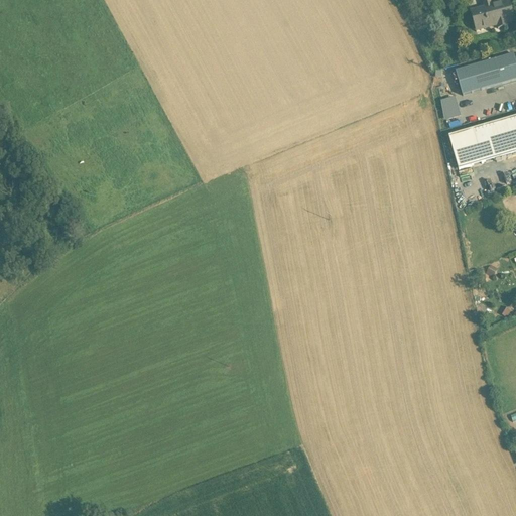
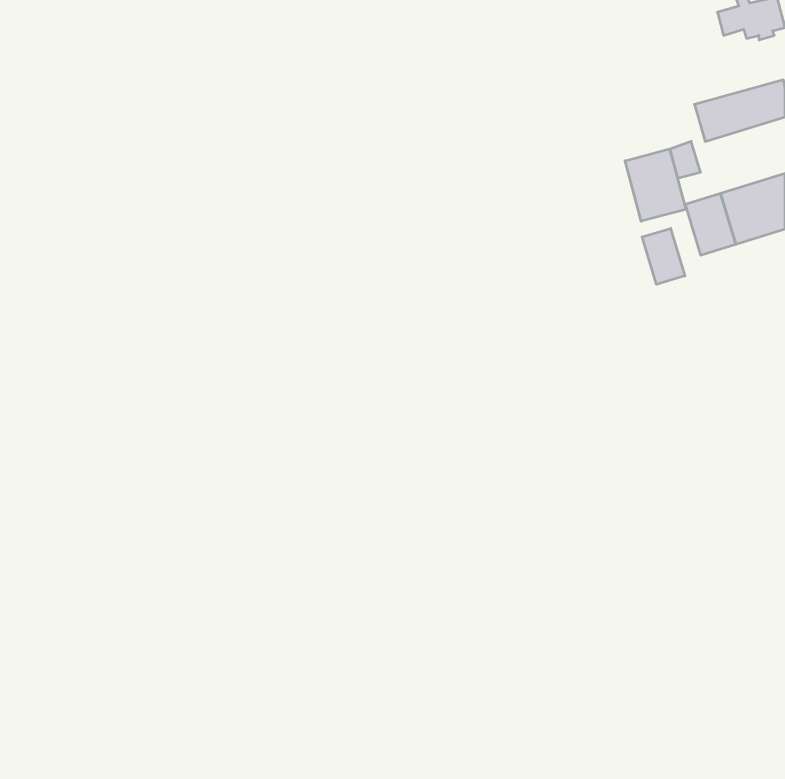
building: none -> [625,149,686,221]
building: none -> [642,228,685,284]

